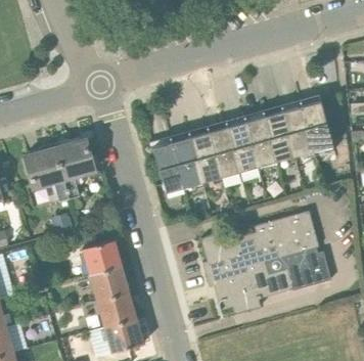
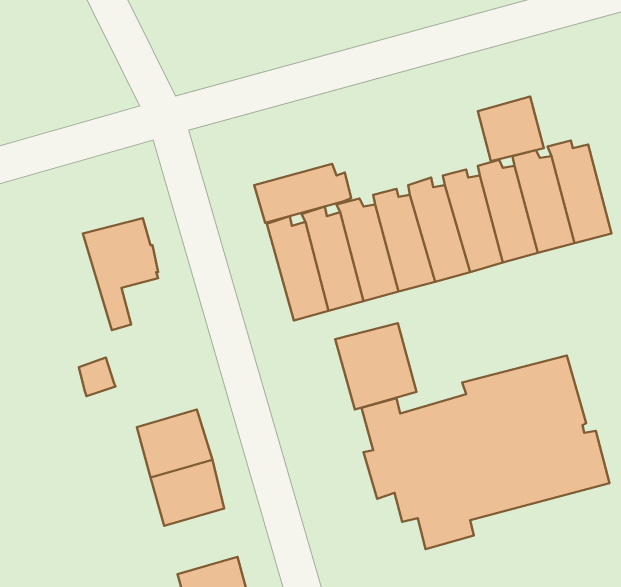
building: none -> [478,97,544,161]
building: none -> [254,164,351,223]
building: [25,147,70,200] -> none
building: none -> [335,323,416,410]
building: [97,292,136,327] -> none

